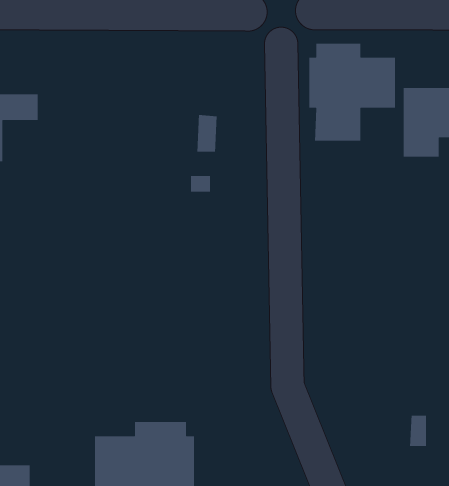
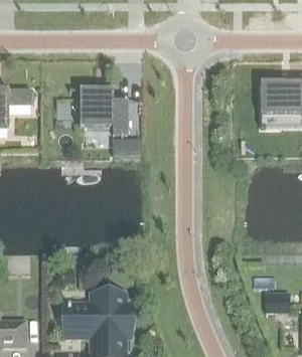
building: [309,43,396,141] -> none
building: none -> [80,87,128,133]

